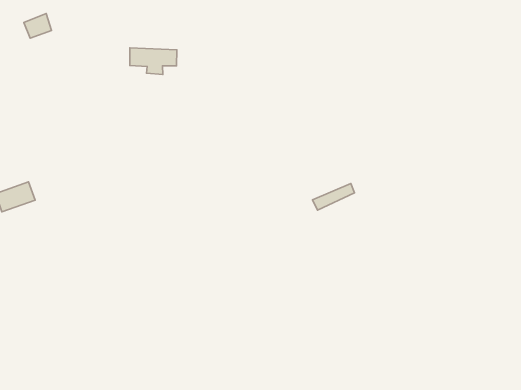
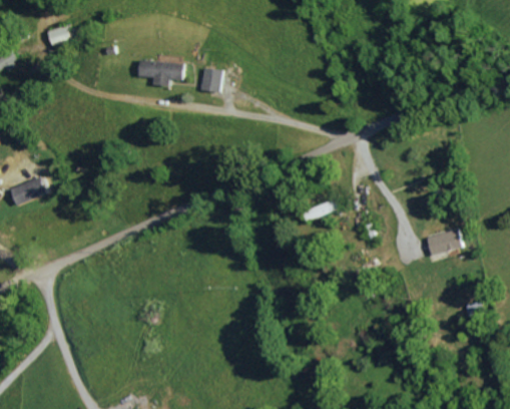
building: none -> [200,68,221,93]
building: none -> [427,229,462,257]

